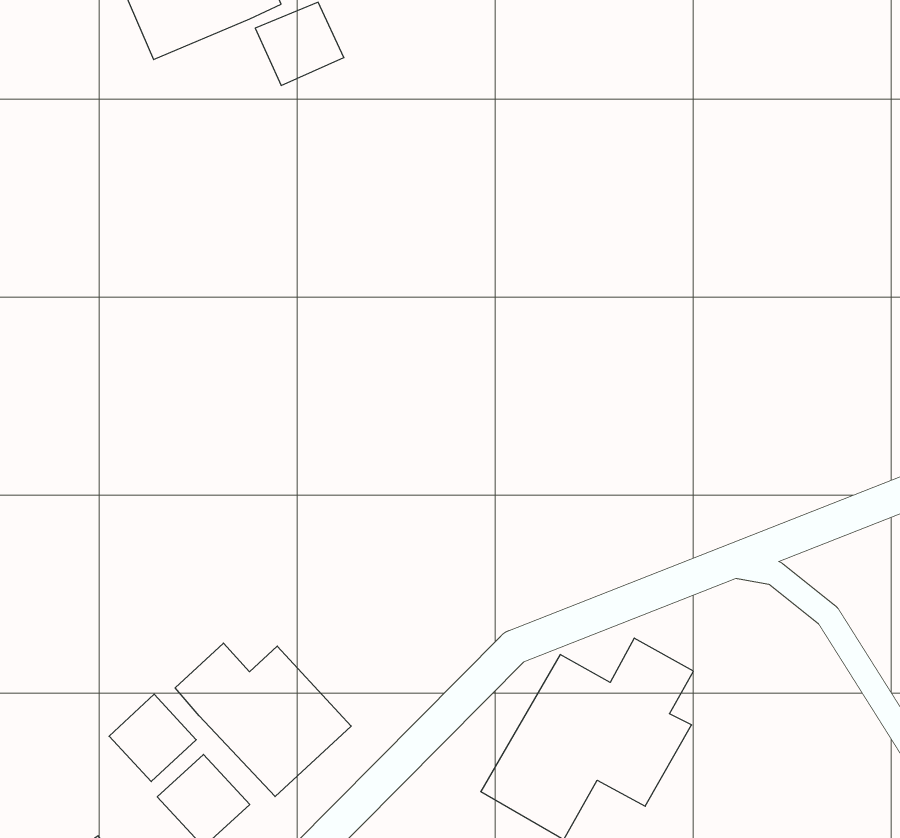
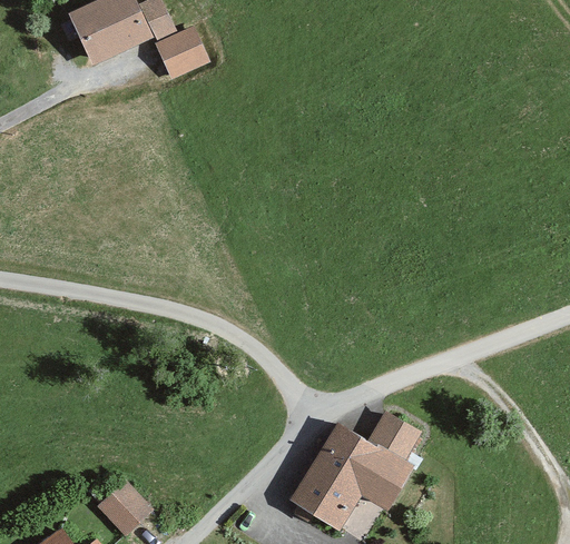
building: [175,643,351,797] -> none
building: [109,694,196,782] -> none

